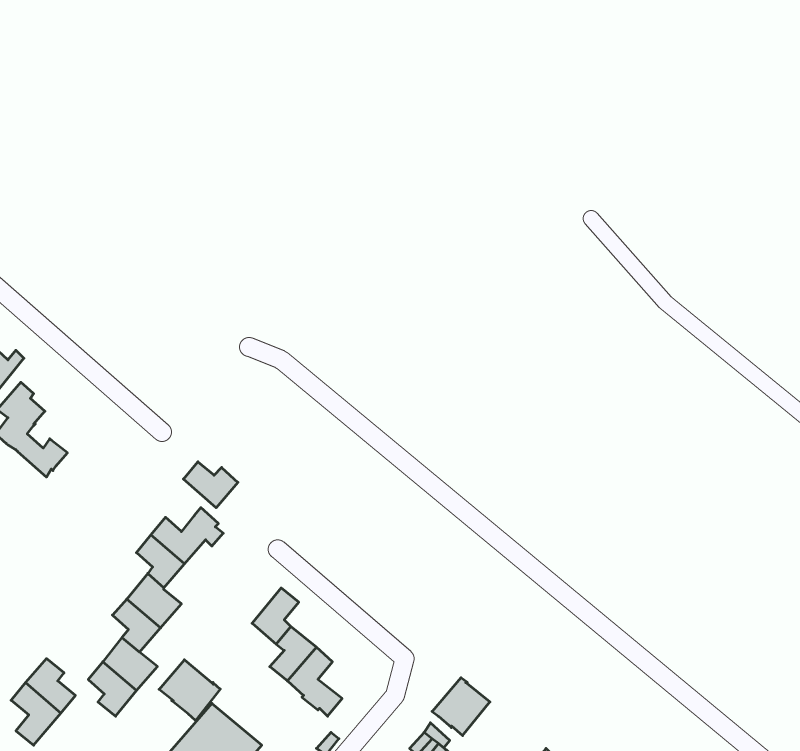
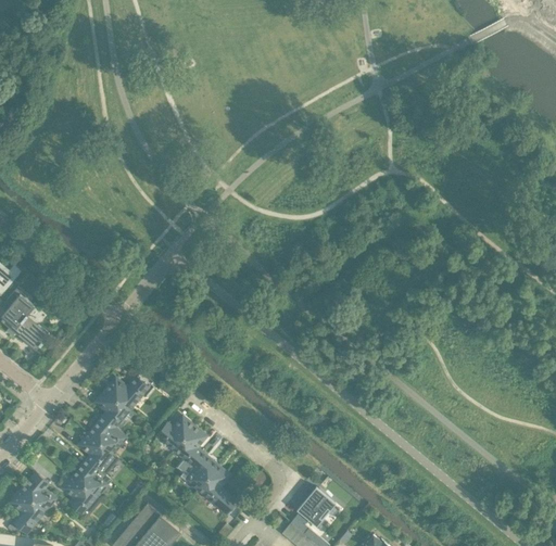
building: [183,462,238,508] -> none
building: none -> [157,416,194,449]
building: [159,660,220,720] -> none

